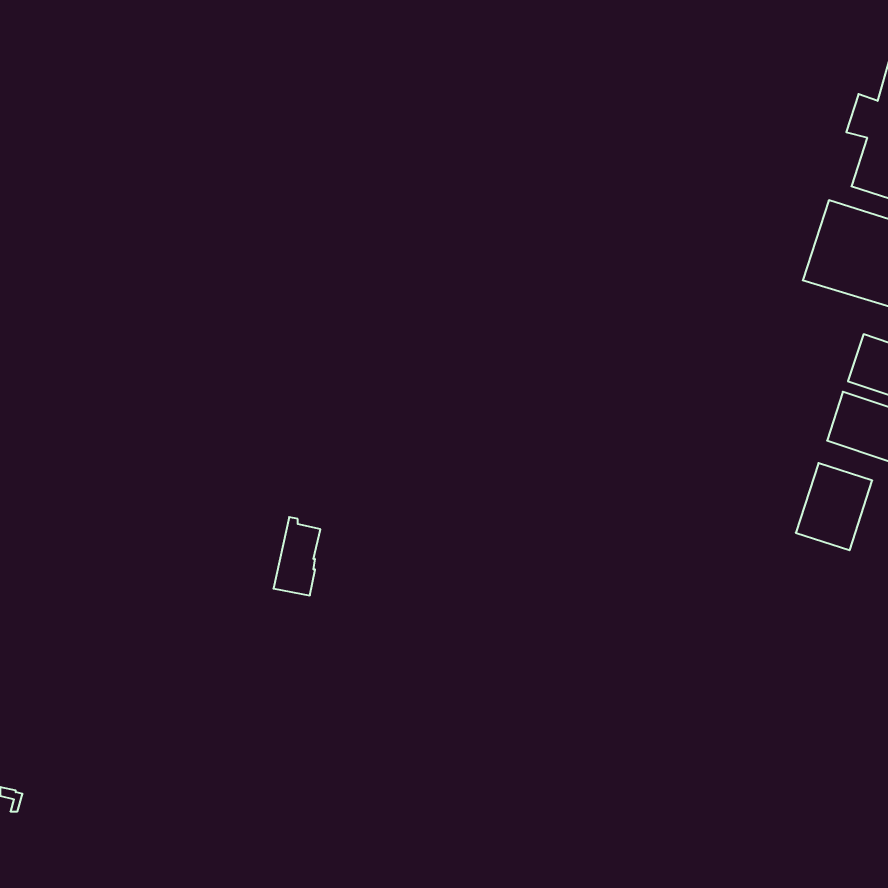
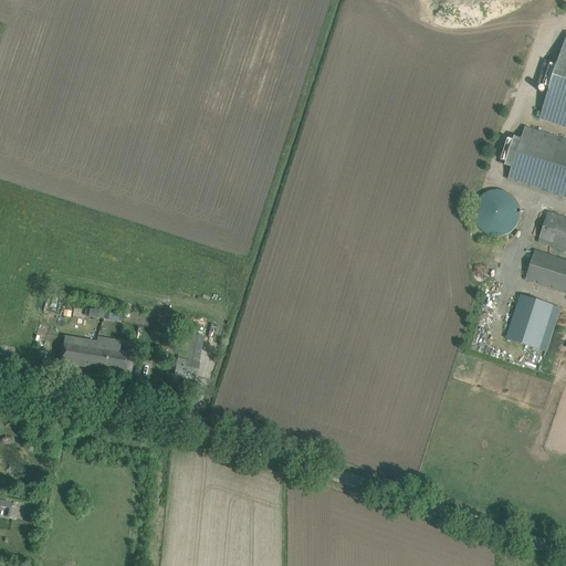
building: none -> [476,190,522,237]
building: none -> [61,335,130,374]

